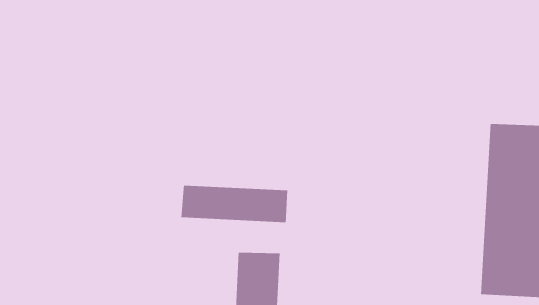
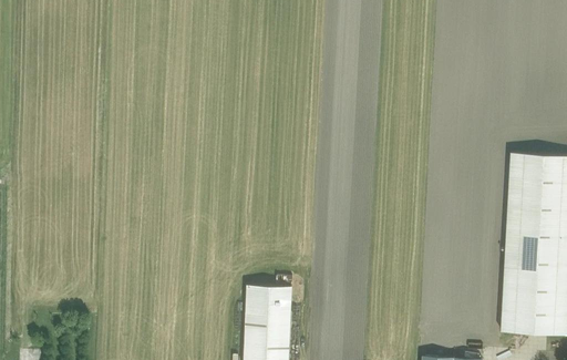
building: [181,185,288,223] -> none

